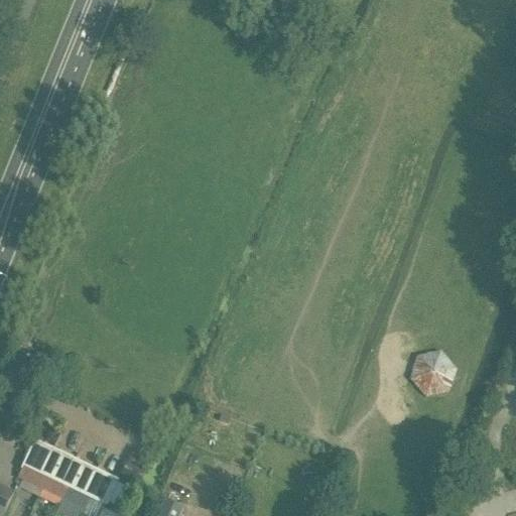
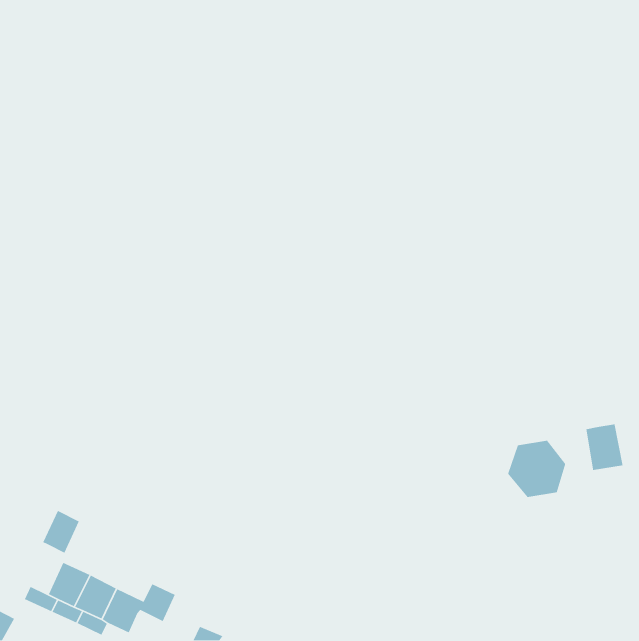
building: none -> [586,423,623,471]
building: [20,441,50,477] -> [42,510,80,554]

